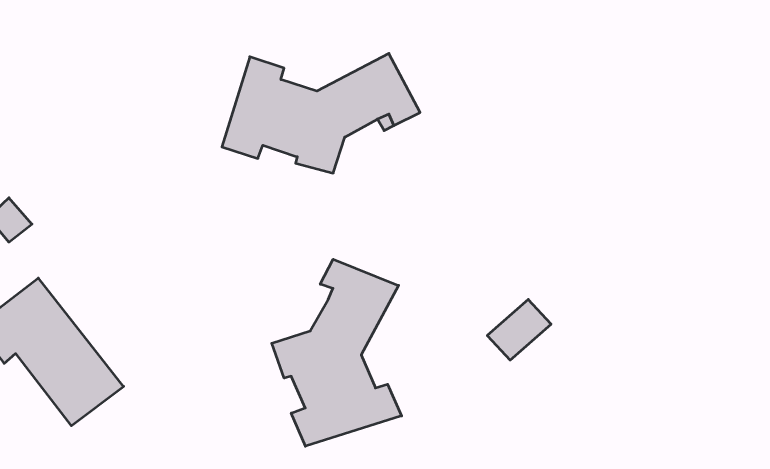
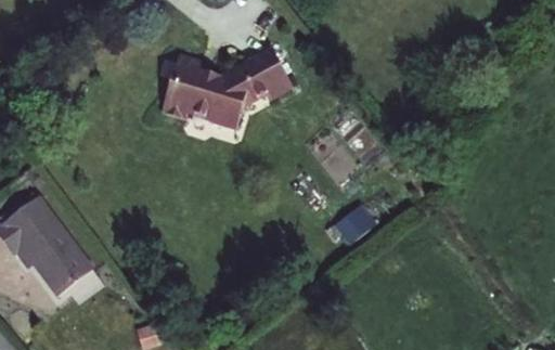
building: [272,259,402,446] -> none

